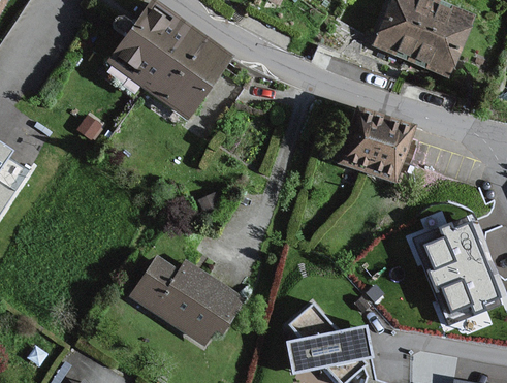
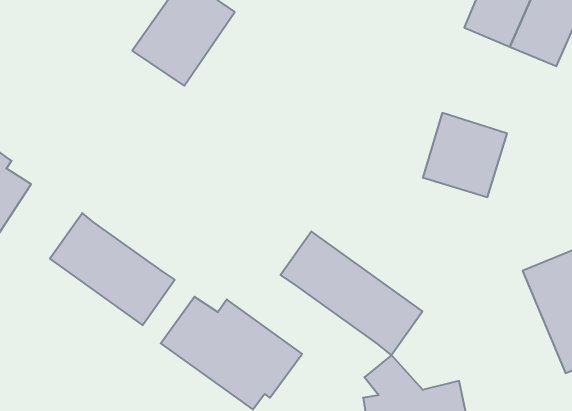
building: [148,31,224,115] -> none
building: none -> [50,213,175,325]
building: none -> [281,231,422,355]

